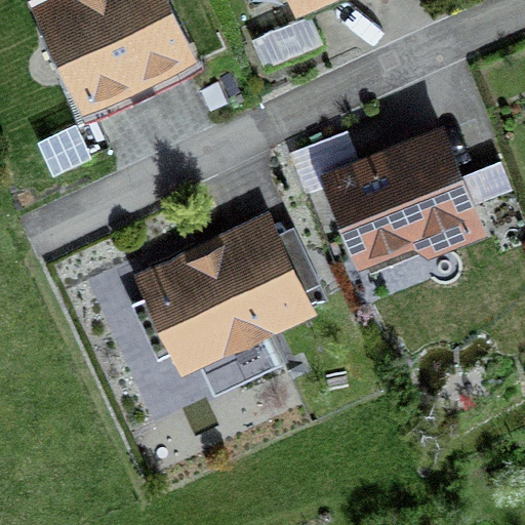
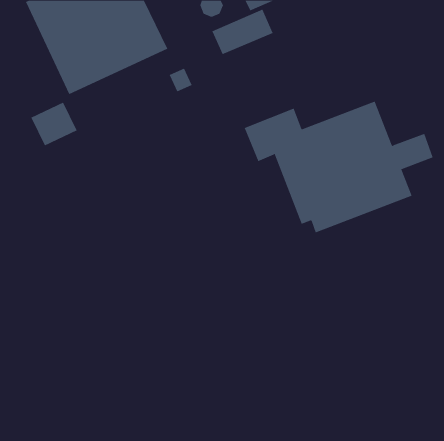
building: [129,211,318,399] -> none

